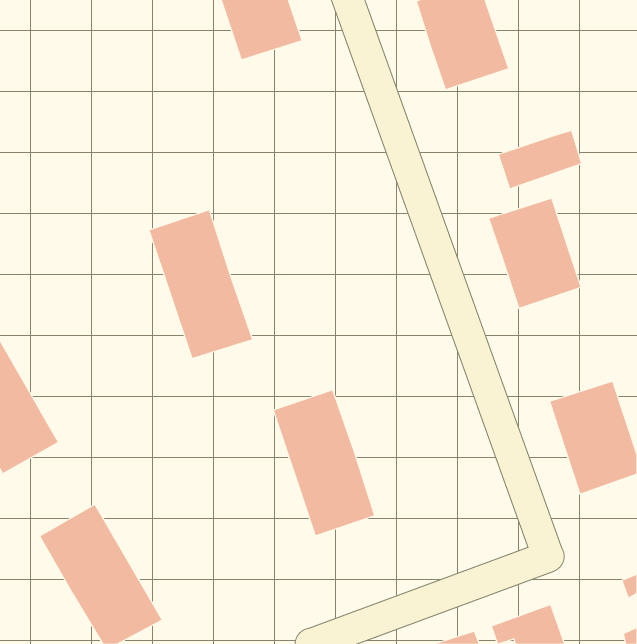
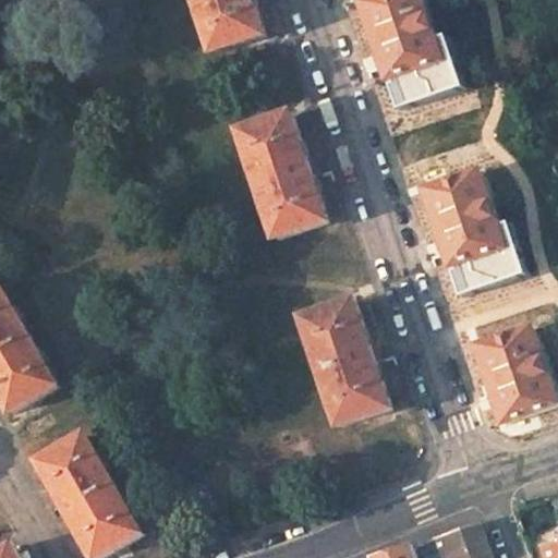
building: [498,130,582,189] -> [385,56,457,106]
building: [149,210,253,359] -> [233,111,323,239]
building: none -> [448,243,521,294]
building: [273,390,375,536] -> [296,298,384,423]

